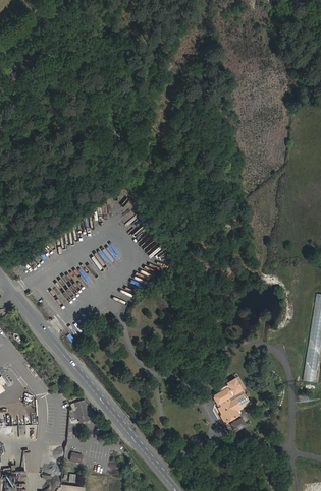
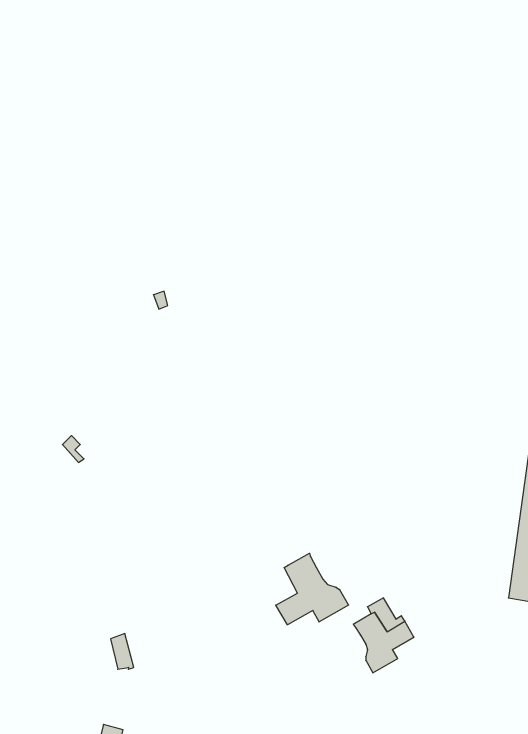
building: none -> [276,553,349,625]

